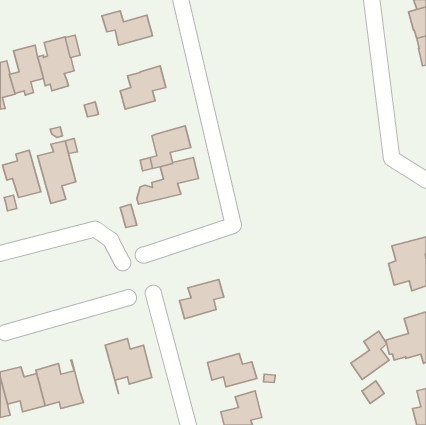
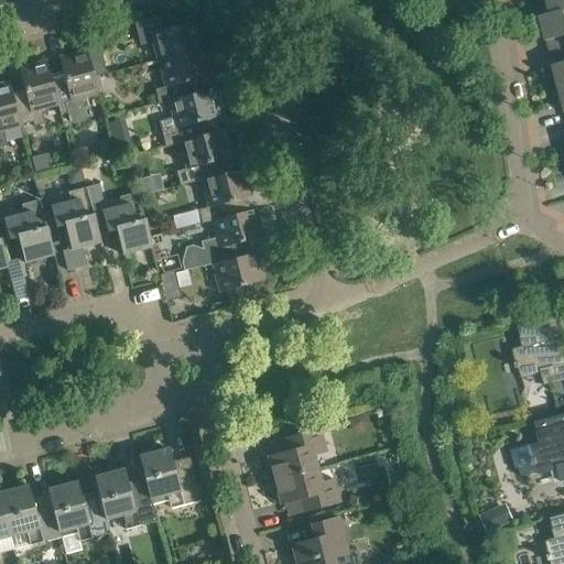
building: none -> [154,47,208,102]
building: none -> [165,129,230,185]
building: none -> [101,191,152,253]
building: none -> [212,251,262,291]
building: [180,280,224,319] -> [268,427,326,479]
building: [351,331,389,379] -> none
building: none -> [95,456,156,528]

